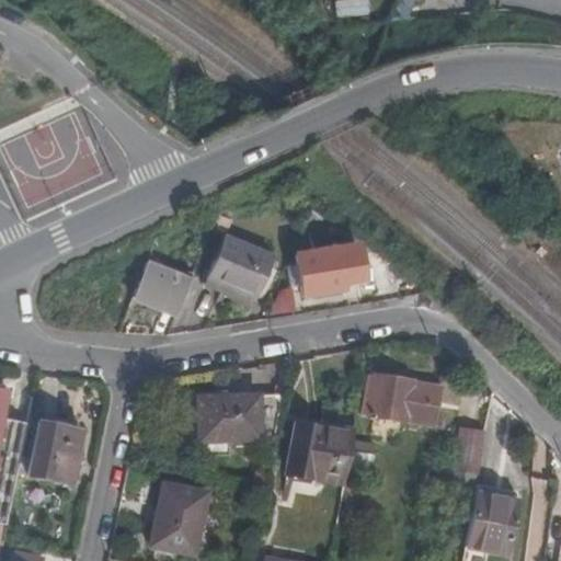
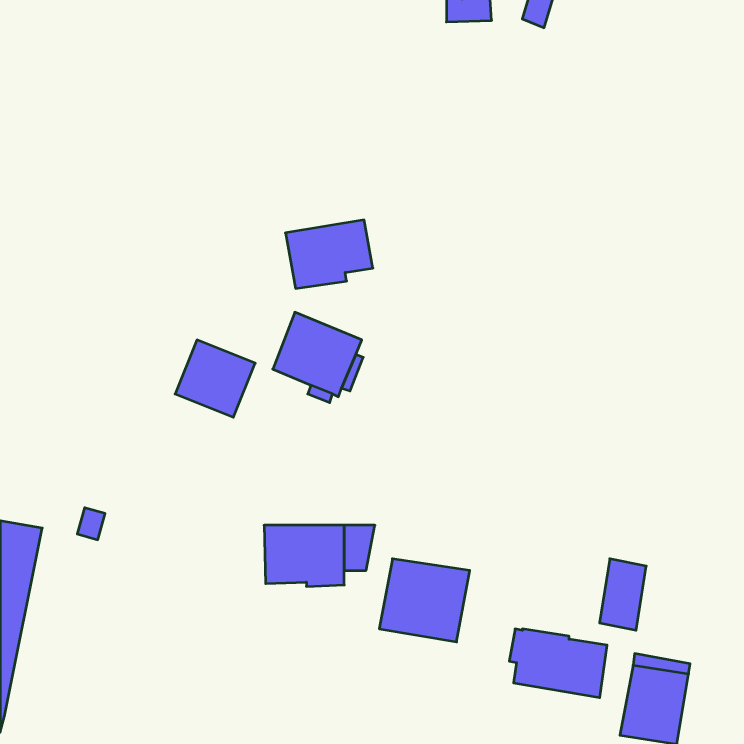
building: [296,244,362,296] -> [285,220,373,288]
building: [365,373,438,424] -> [509,629,607,698]
building: [28,421,80,483] -> none
building: [151,482,205,551] -> none

